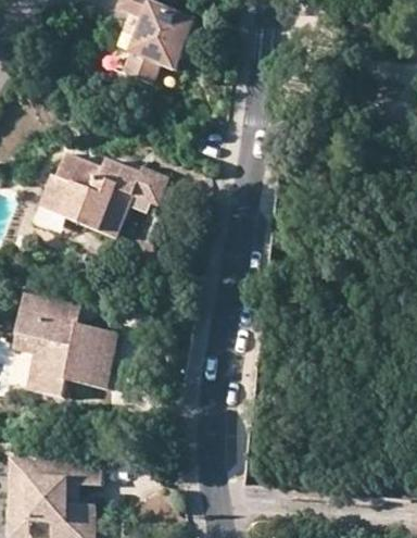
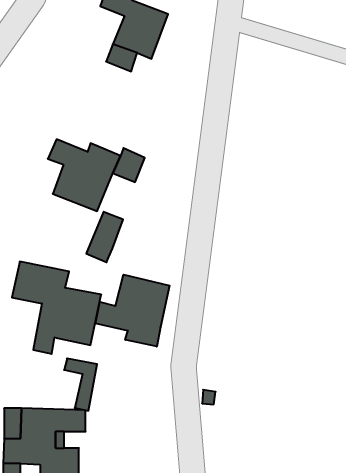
building: [34,176,75,233] -> [86,212,123,262]
building: none -> [96,275,170,347]
building: [14,334,51,392] -> [64,358,97,411]

